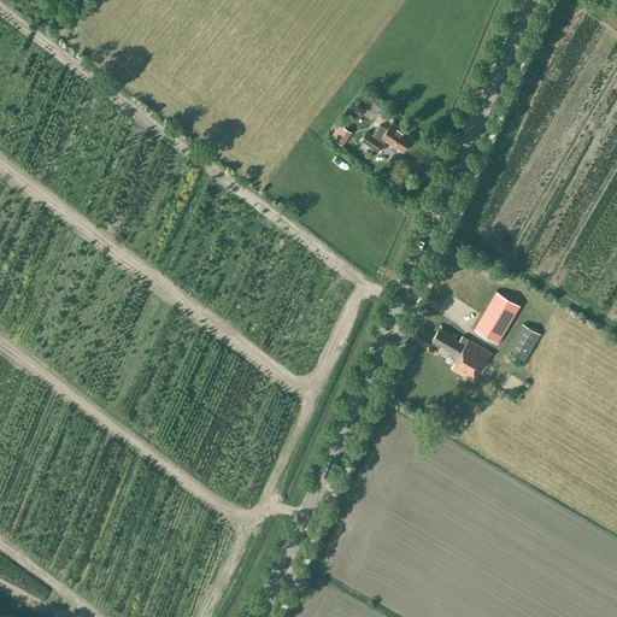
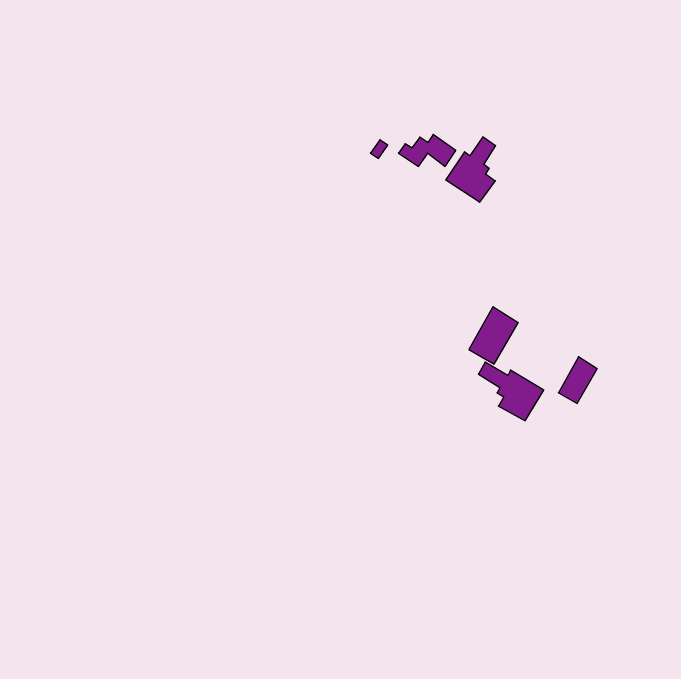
building: none -> [446,137,496,202]
building: [475,292,519,343] -> [469,307,518,364]

